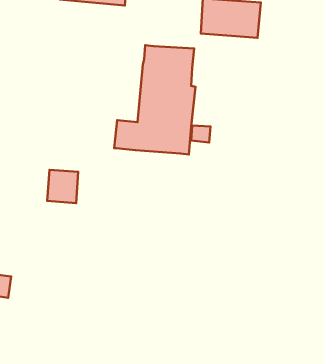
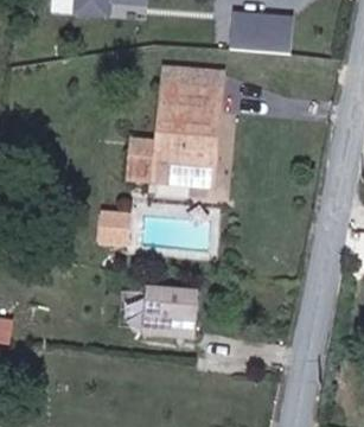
building: [47,170,78,203] -> [98,209,133,246]
building: none -> [146,289,200,340]

